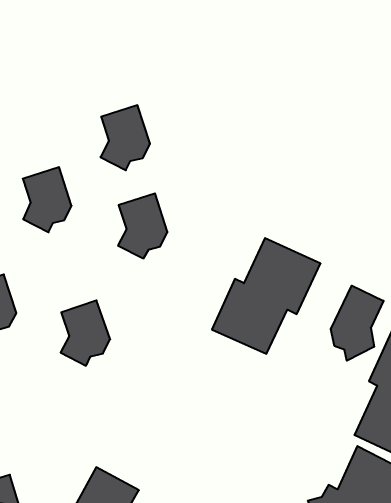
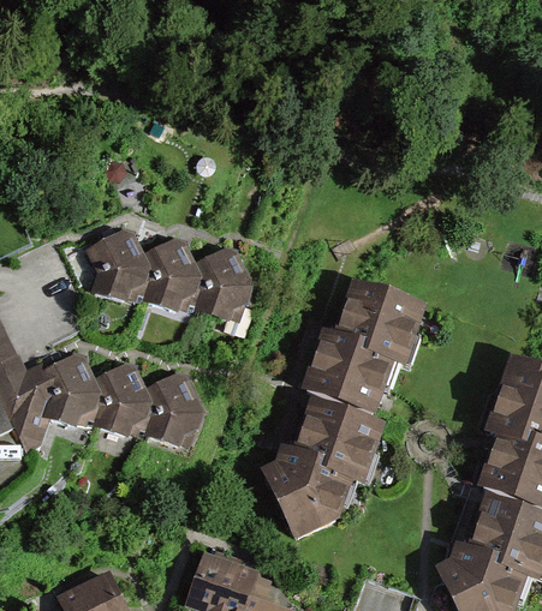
building: [100,105,150,170] -> [138,239,196,312]
building: [331,286,384,361] -> none
building: none -> [89,363,147,436]
building: none -> [263,401,382,535]

